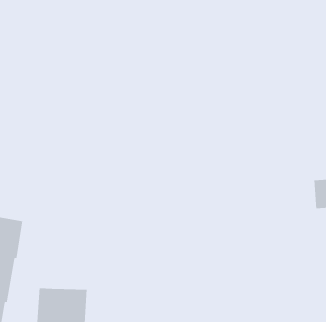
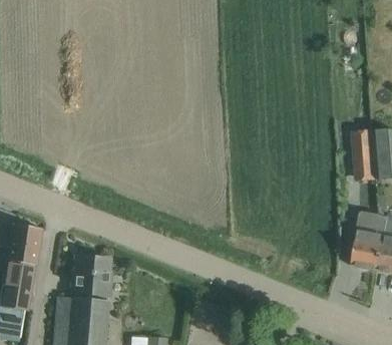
building: none -> [72,255,112,299]

